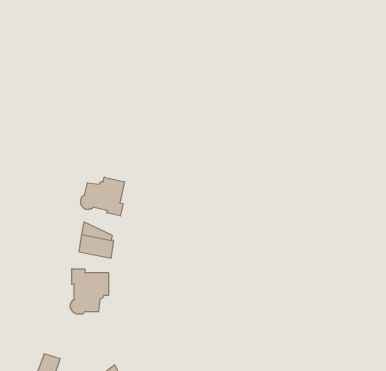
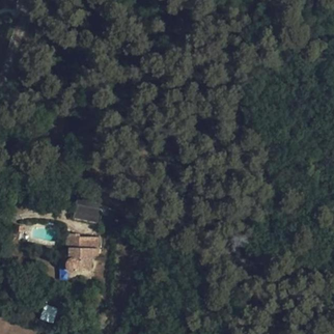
building: [81,177,125,216] -> none

